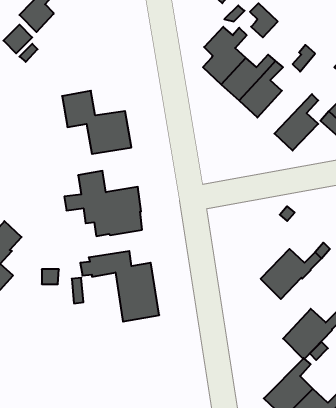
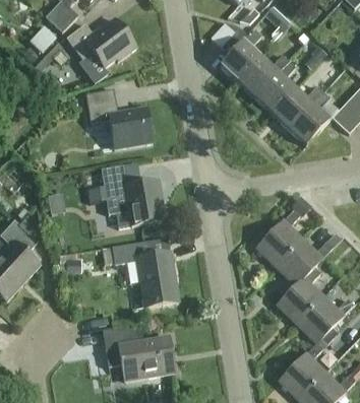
building: none -> [65,19,135,68]
building: none -> [272,85,323,129]
building: none -> [255,209,302,267]
building: none -> [276,266,322,324]
building: none -> [103,329,173,380]

